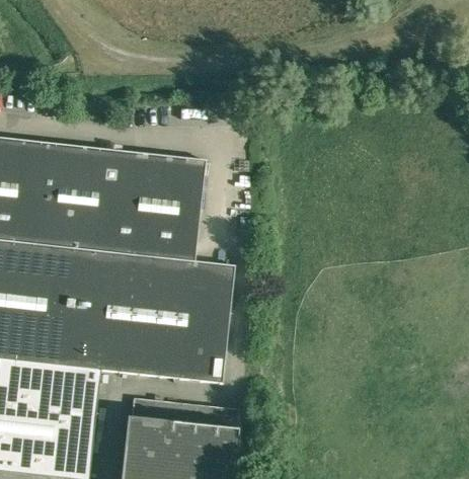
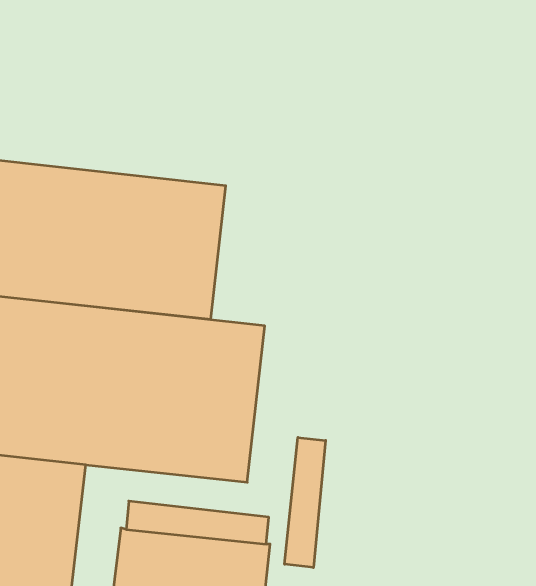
building: none -> [285,437,326,568]

